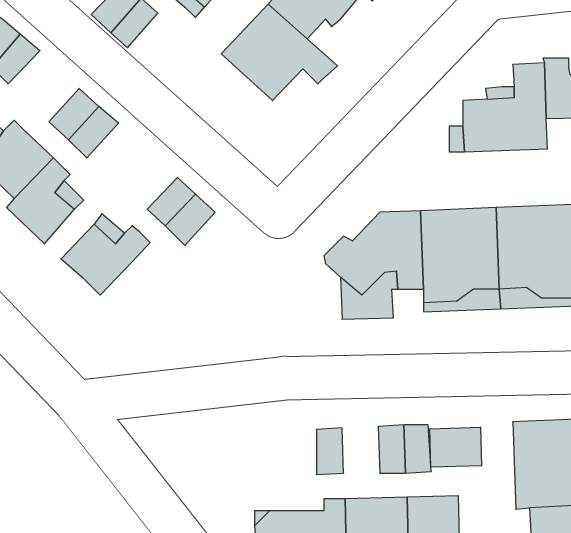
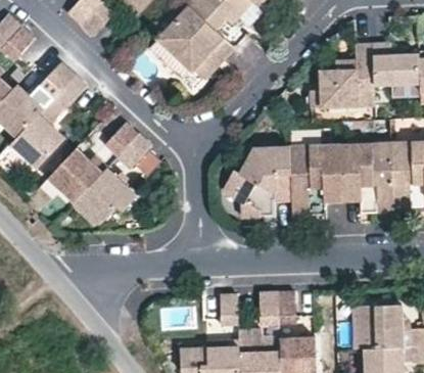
building: none -> [147,40,222,93]
building: none -> [75,168,139,223]
building: [430,427,482,467] -> none

